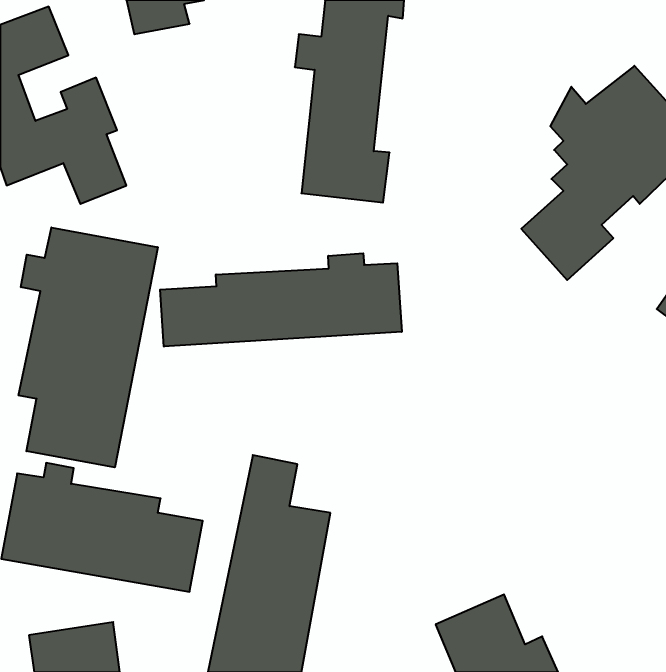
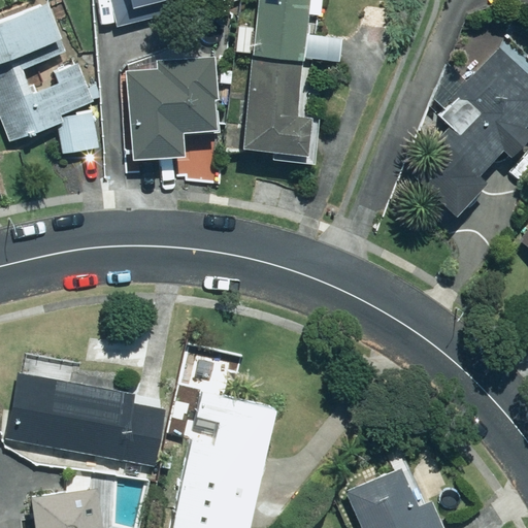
building: none -> [131,56,226,160]
building: [19,227,158,467] -> none
building: [160,253,402,347] -> none

